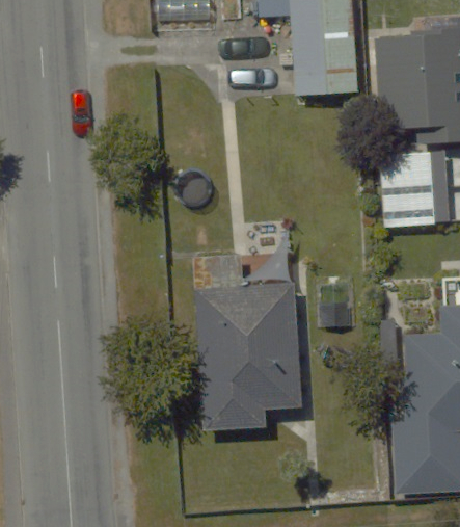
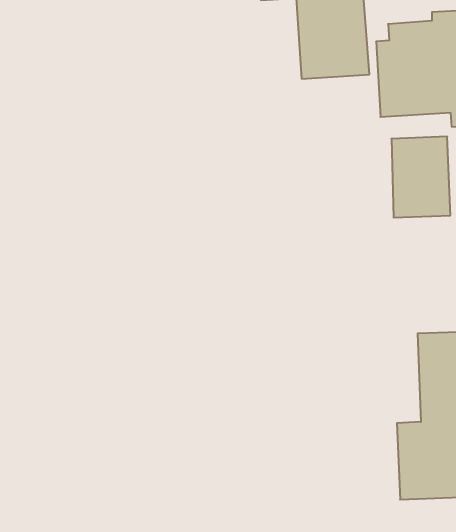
building: [193,281,302,428] -> none

